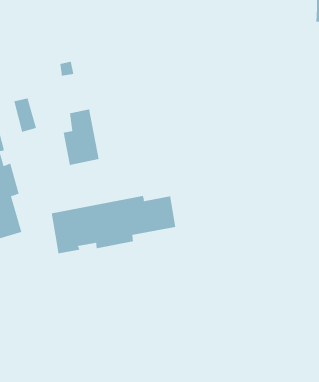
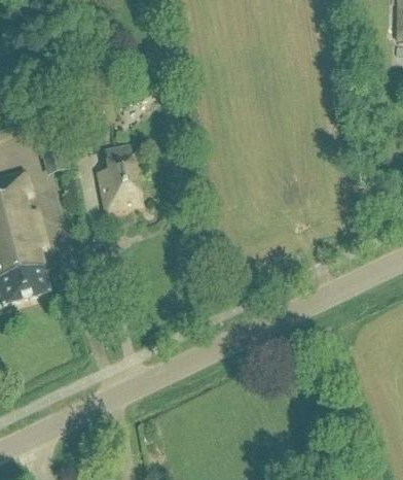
building: [51,195,176,254] -> none

